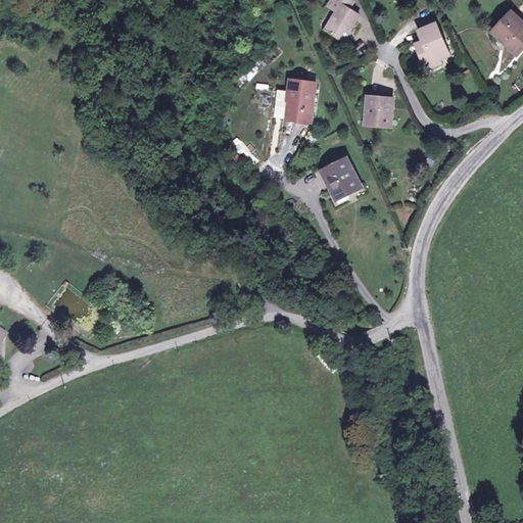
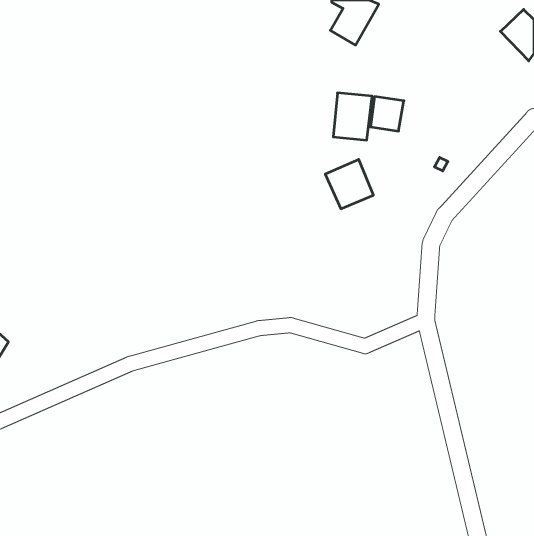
building: [411,20,453,72] -> none
building: [281,77,319,123] -> [333,93,372,140]

